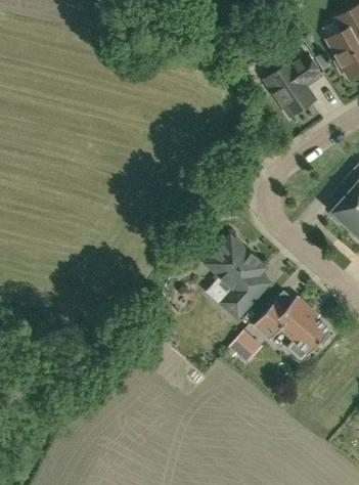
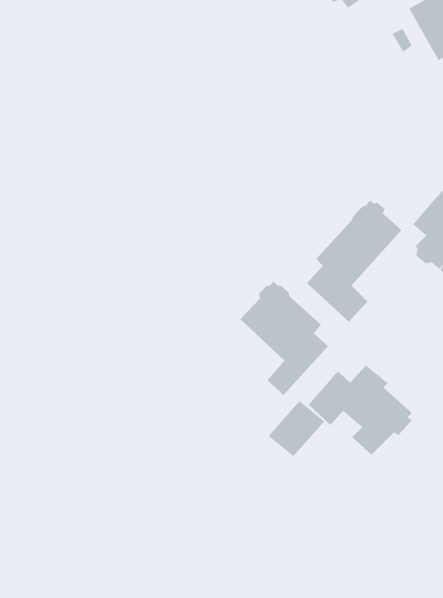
building: [266,52,321,115] -> none
building: none -> [306,199,402,322]

